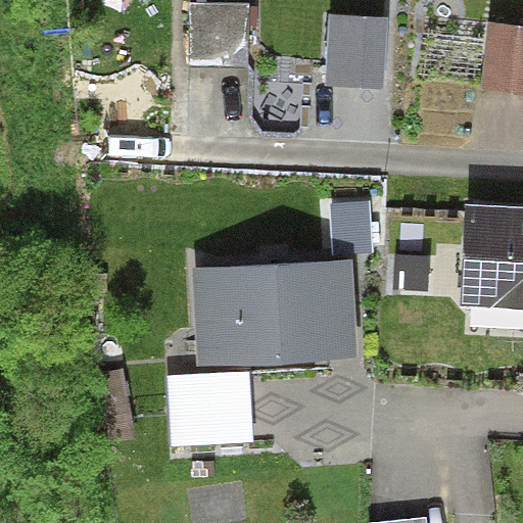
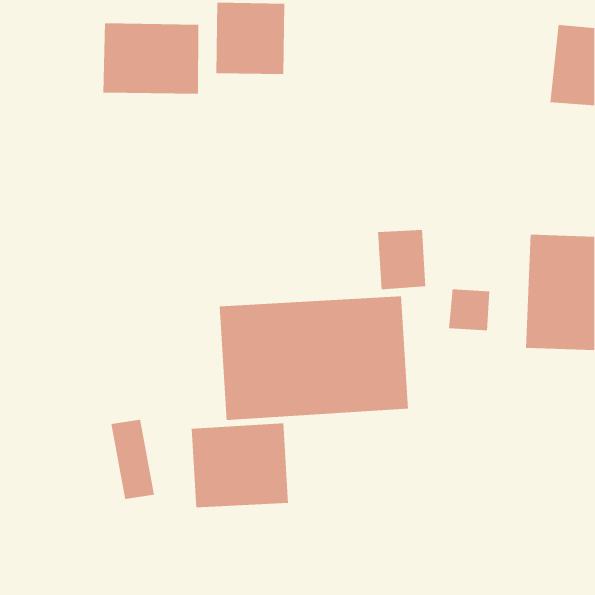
building: [327,13,388,88] -> none
building: none -> [103,23,199,95]

